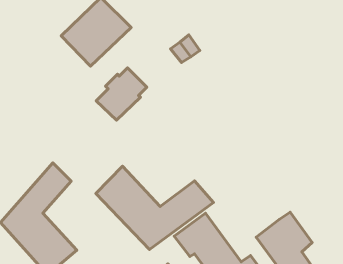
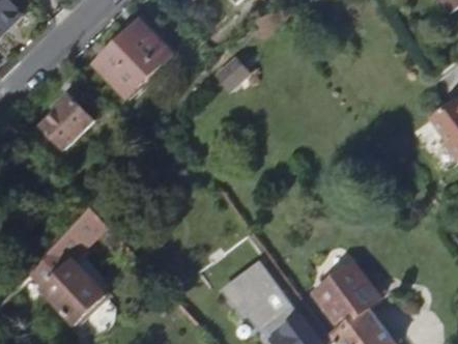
building: [96,68,147,120] -> [45,87,102,146]
building: [96,166,213,249] -> none

